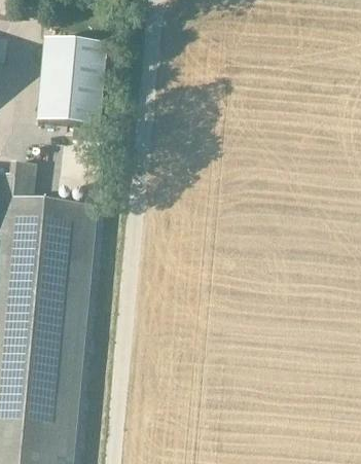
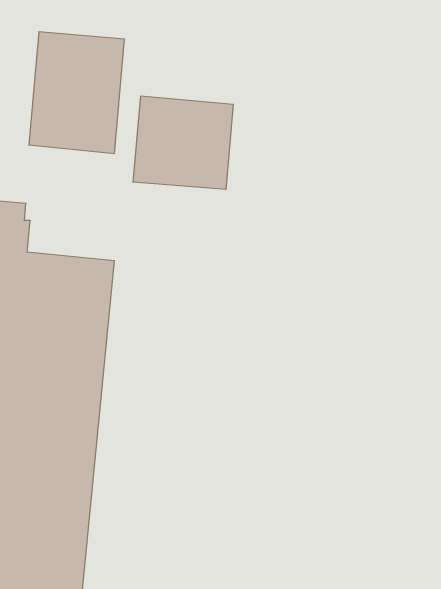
building: none -> [133,96,233,190]

